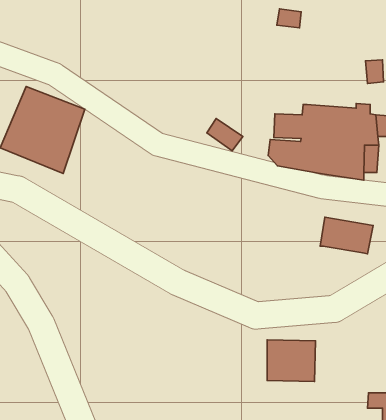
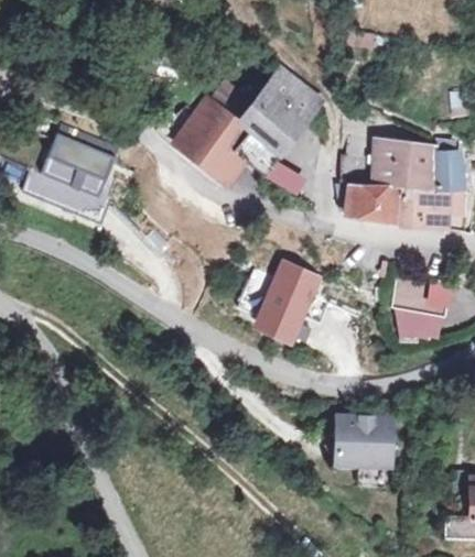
building: none -> [177,73,316,179]
building: none -> [248,255,323,347]
building: none -> [400,306,446,334]

